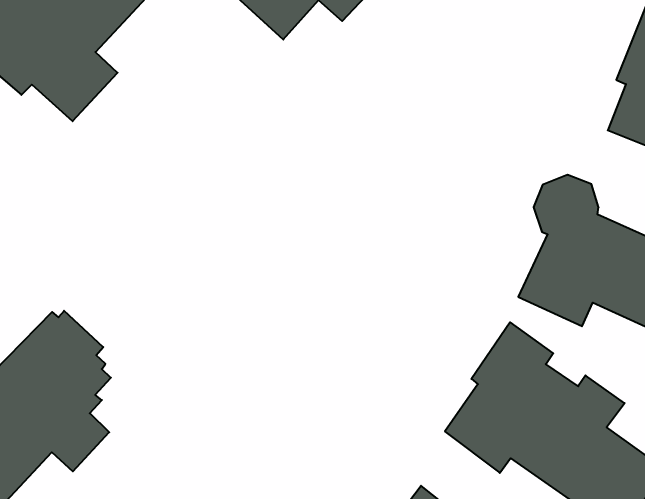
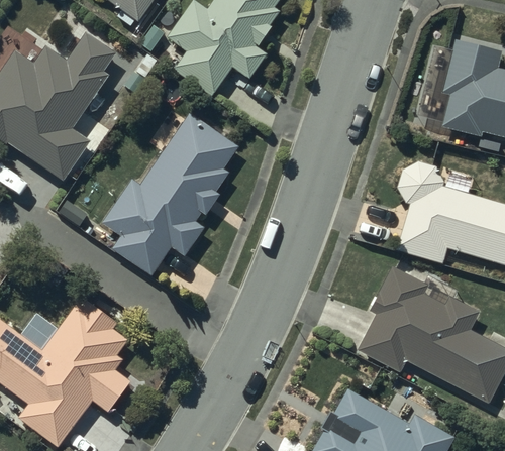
building: none -> [103,114,237,274]

